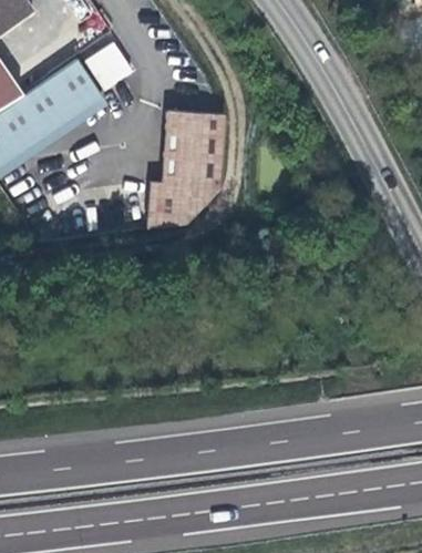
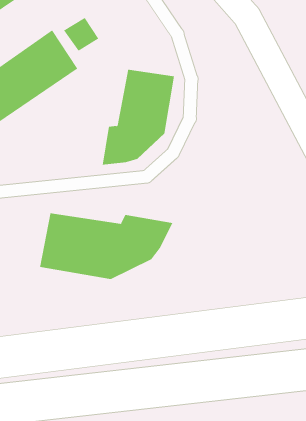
building: none -> [40,213,173,280]

